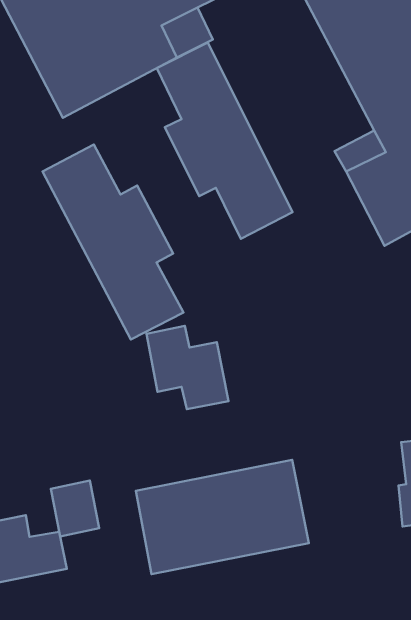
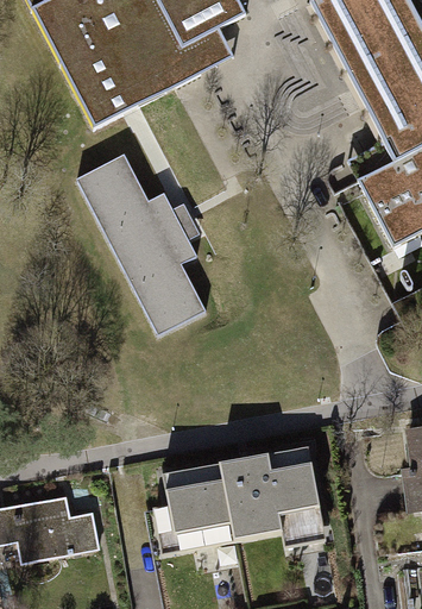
building: [157,43,292,239] -> none
building: [146,326,228,409] -> none
building: [51,481,99,537] -> none

